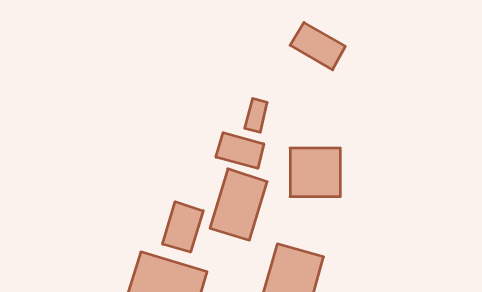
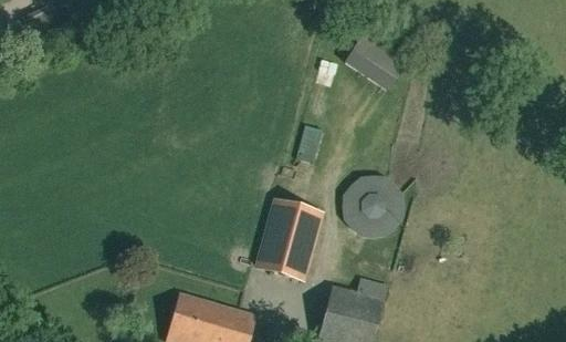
building: [216,133,264,168] -> none
building: [163,202,203,252] -> none

